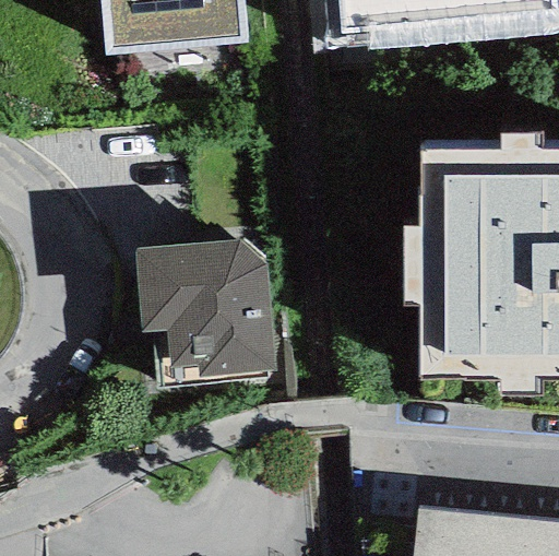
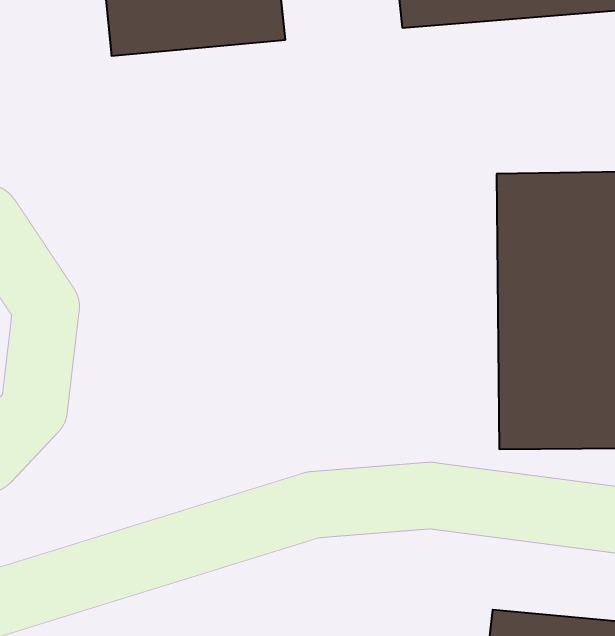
building: [136,239,278,388] -> none

